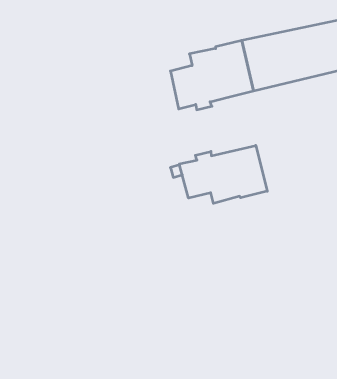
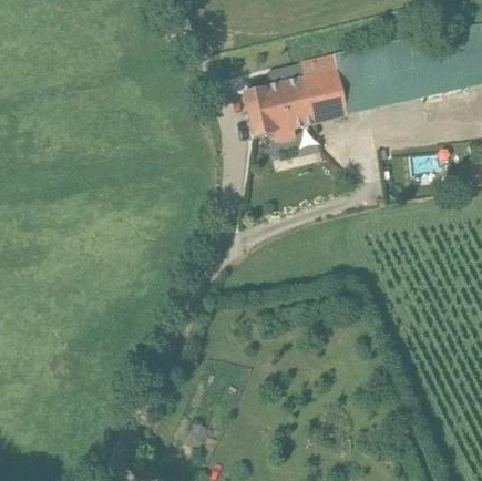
building: [179,145,267,203] -> none

